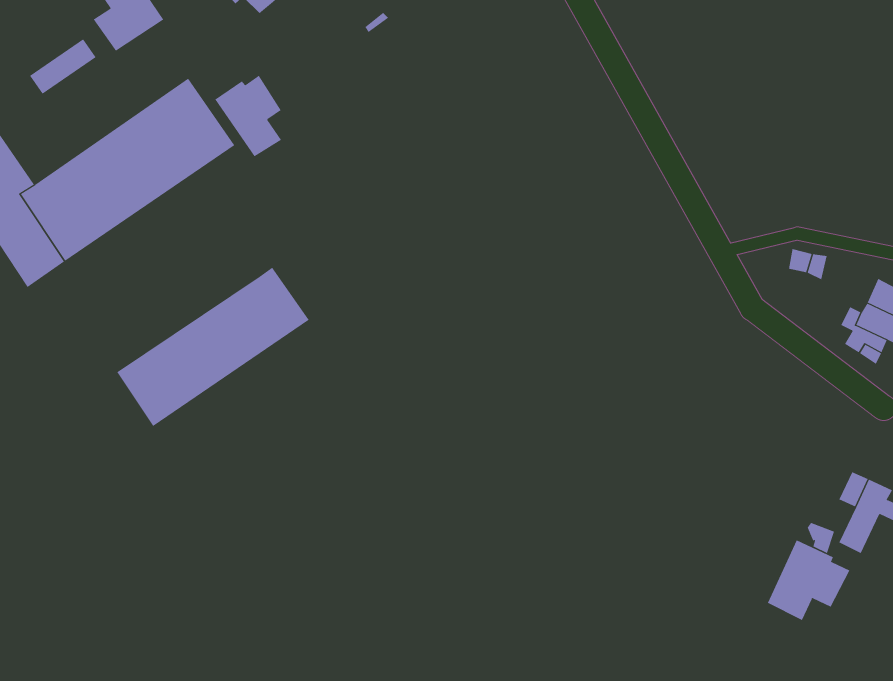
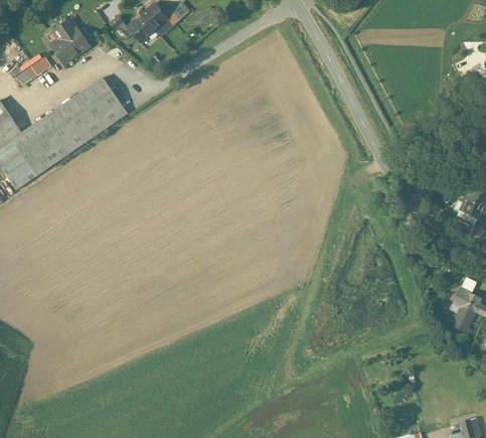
building: [215,75,282,157] -> none
building: [117,267,309,427] -> none
building: [767,539,850,621] -> none

